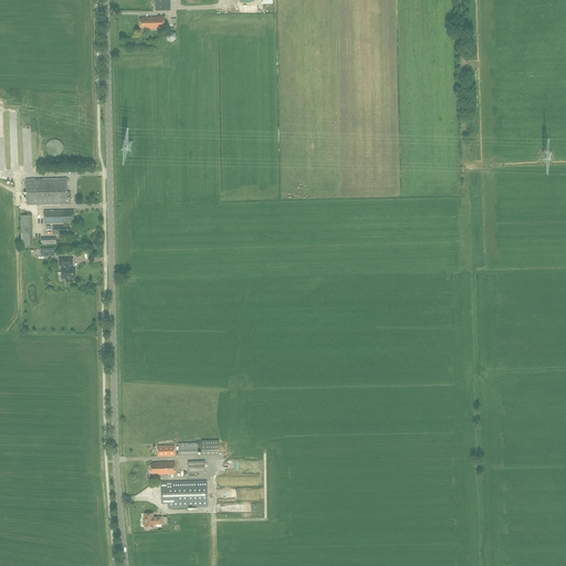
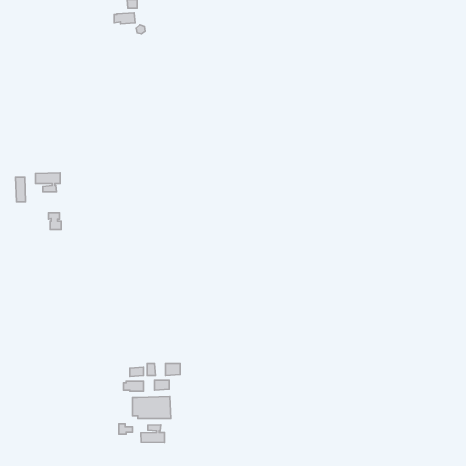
building: [25,177,70,203] -> none
building: none -> [141,425,165,442]

